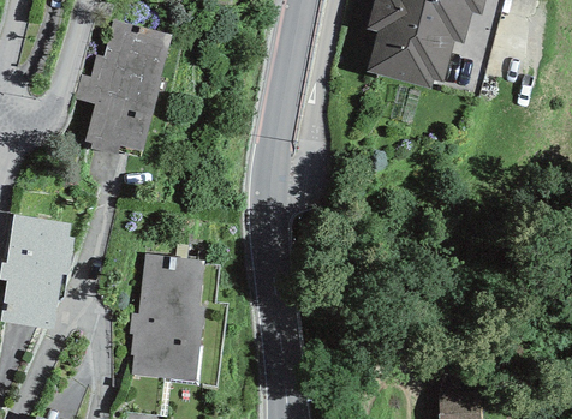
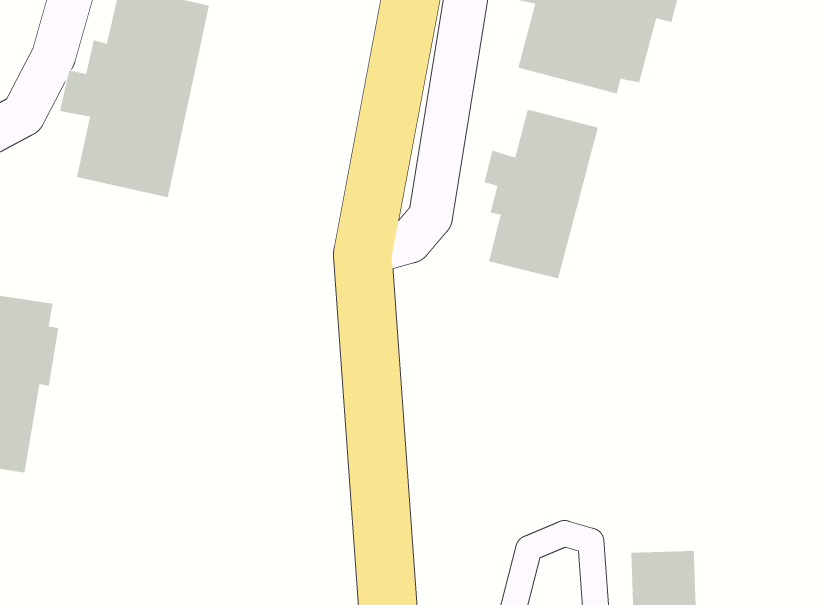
building: none -> [484,109,599,279]
building: [130,253,205,381] -> none

